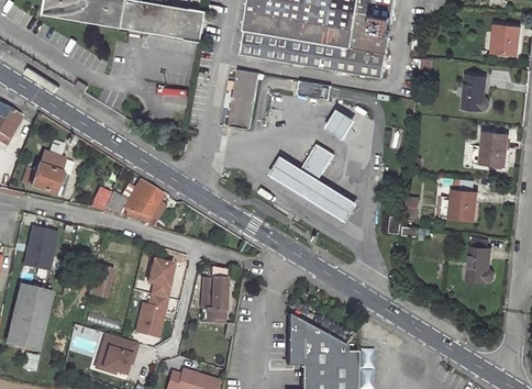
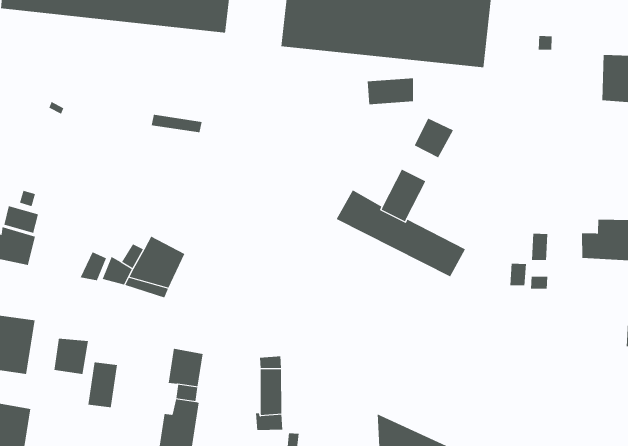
building: [231,70,262,130] -> none
building: none -> [54,338,88,375]

